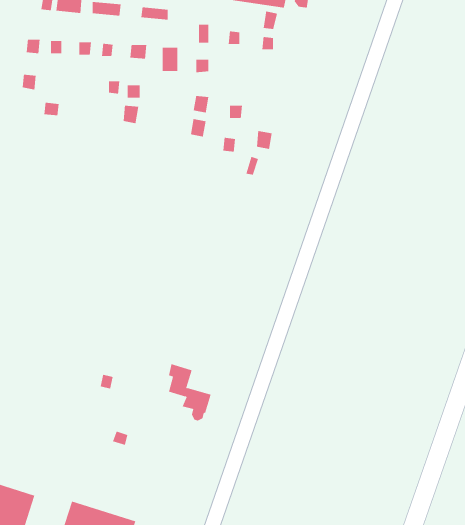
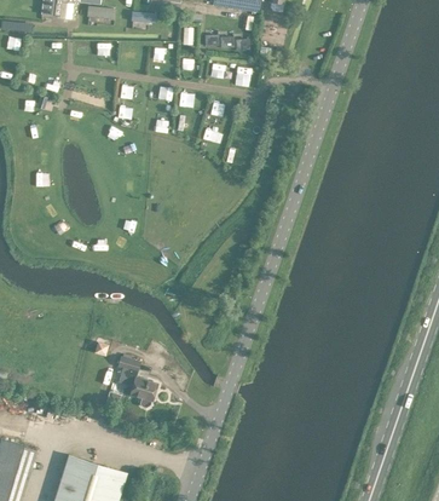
building: [168,363,211,421] -> [119,355,157,407]

